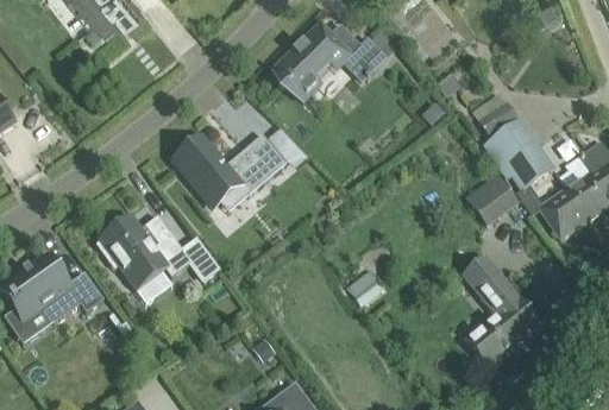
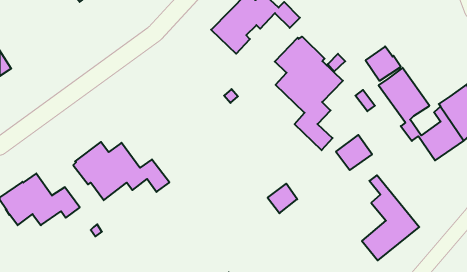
building: none -> [275,37,343,150]
building: [175,135,285,207] -> none
building: [466,175,513,220] -> [336,135,372,170]

